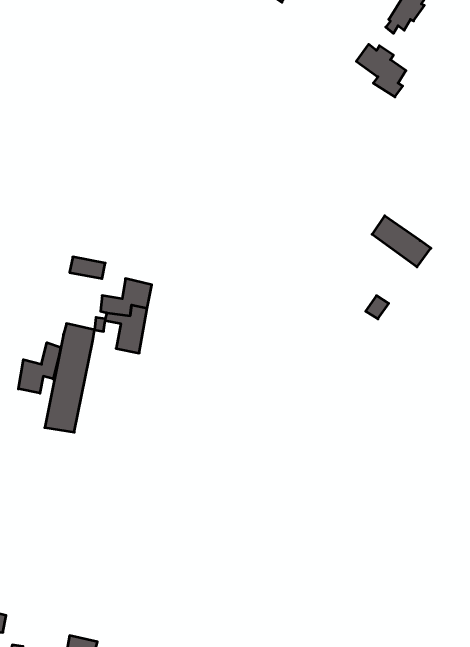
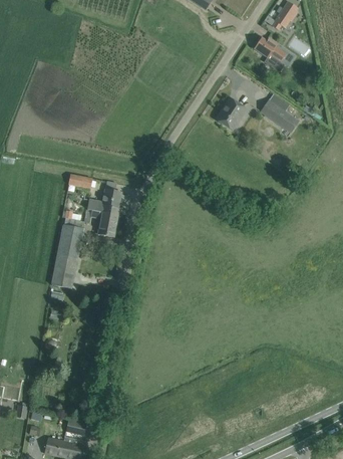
building: none -> [216,97,244,128]
building: [372,216,431,267] -> [261,98,299,132]
building: [18,343,61,393] -> none

